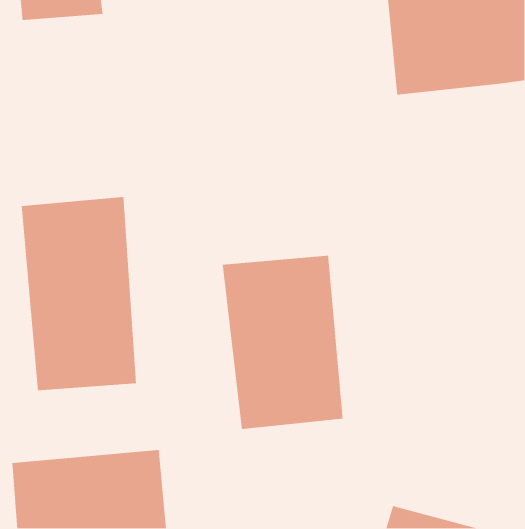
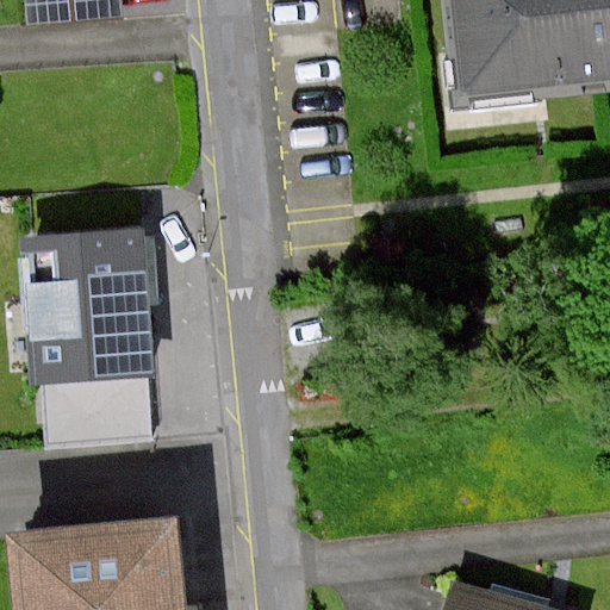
building: [222,255,344,430] -> none

